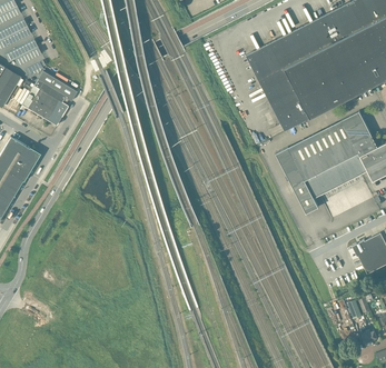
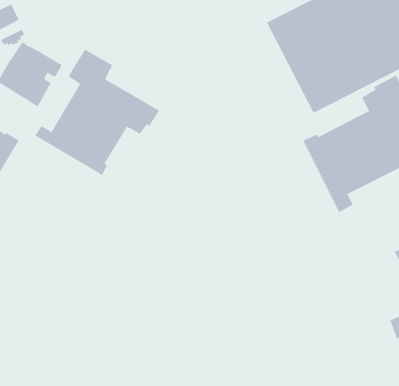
building: none -> [34,49,160,176]

